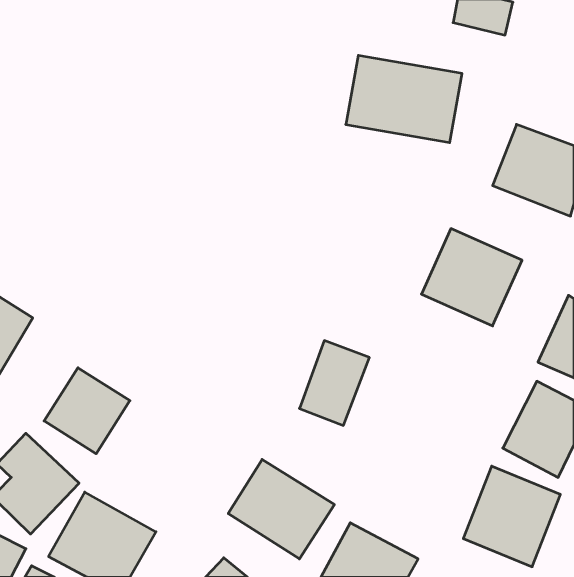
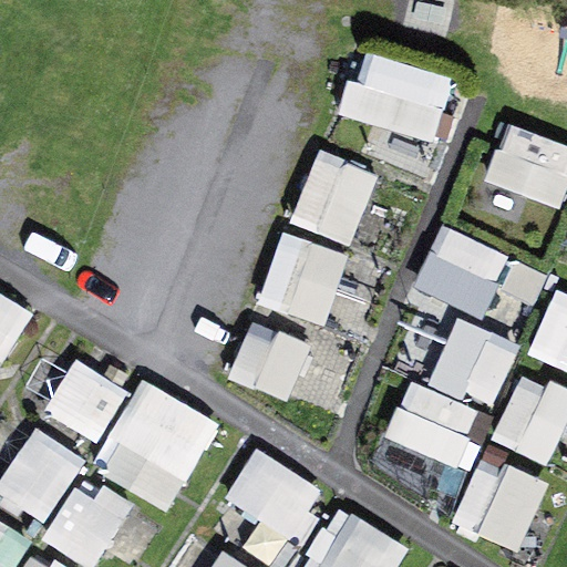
building: none -> [288,148,381,248]
building: none -> [257,229,349,326]
building: none -> [429,319,518,408]
building: none -> [227,320,309,404]
building: none -> [385,381,481,468]
building: none -> [97,385,213,508]

